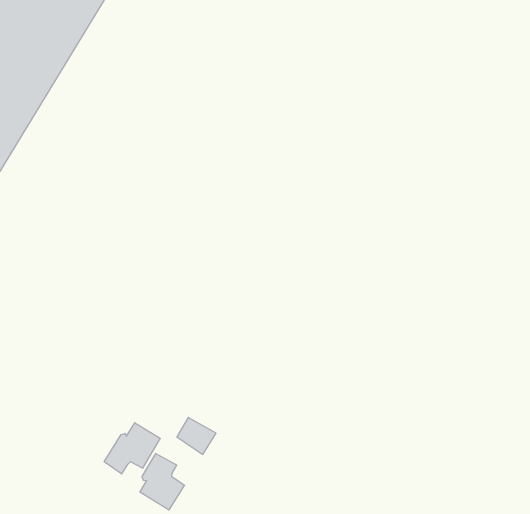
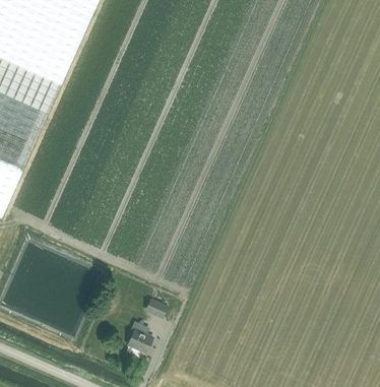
building: [104,423,160,474] -> none

